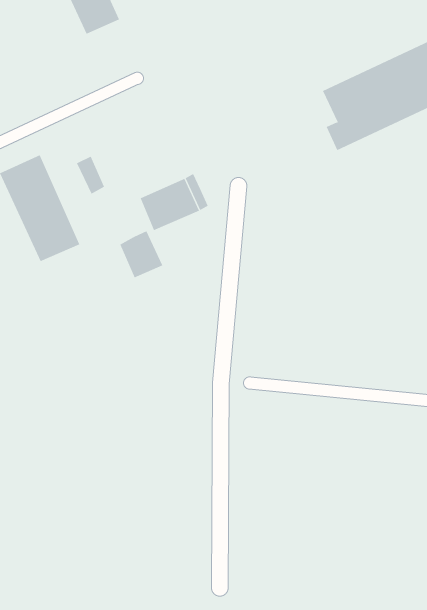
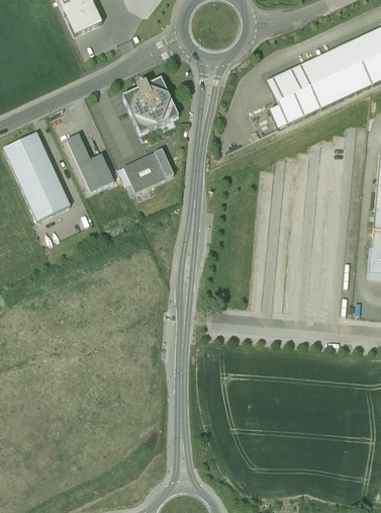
building: none -> [122,77,179,133]
building: [119,231,163,278] -> [79,153,114,191]

